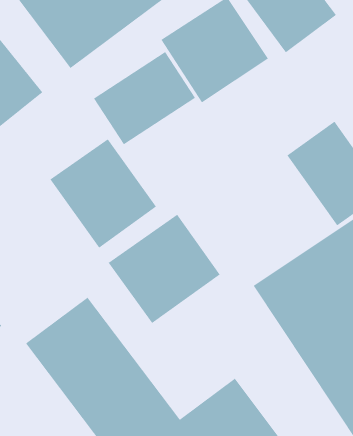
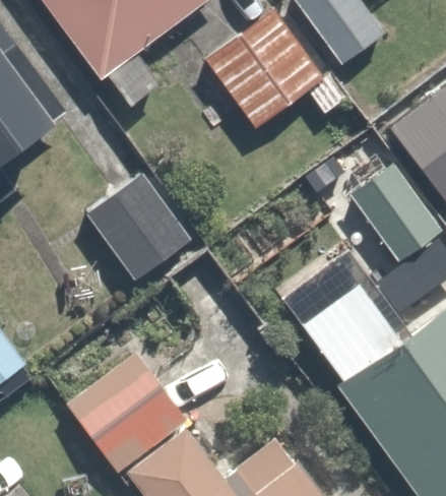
building: [93,51,196,145] -> none
building: [108,214,221,324] -> none

